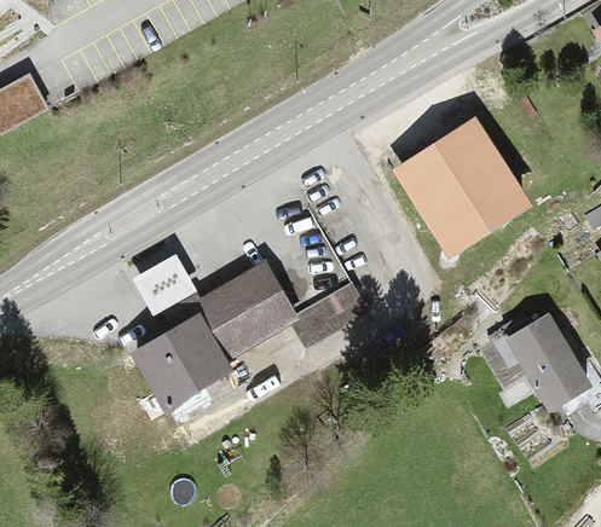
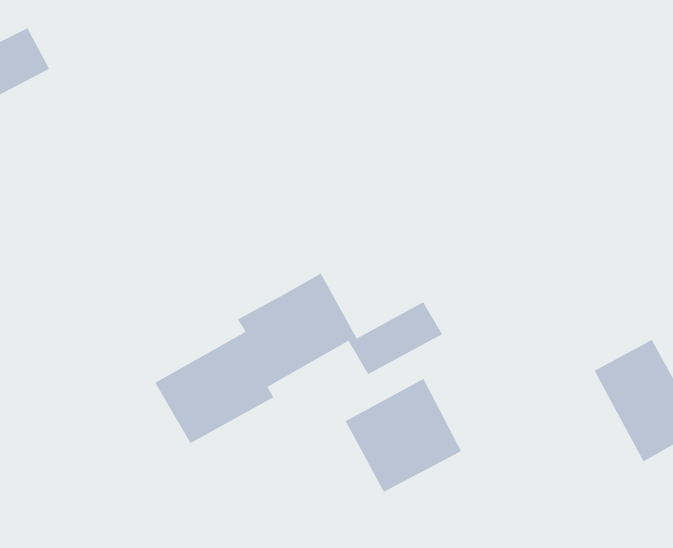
building: [386,117,524,253] -> none
building: none -> [344,378,462,493]

